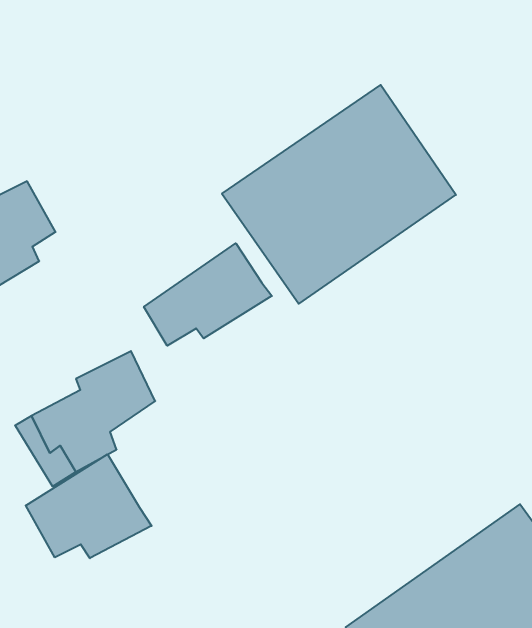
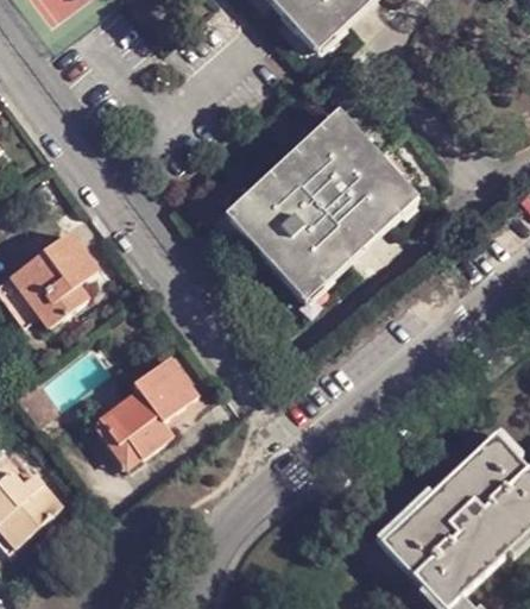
building: [144,243,272,346] -> none
building: [26,454,152,558] -> none

